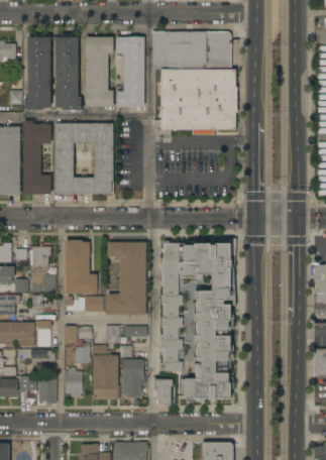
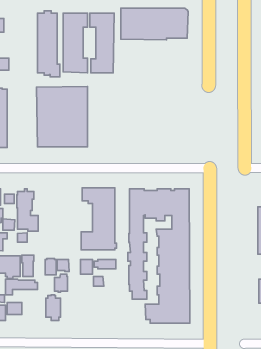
building: [24,34,50,112] -> none
building: [155,69,237,135] -> none
building: [23,120,50,195] -> none
building: [66,240,103,312] -> none
building: [93,345,118,399] -> none
building: [122,359,143,397] -> none
building: [38,379,57,402] -> none
building: [154,379,173,406] -> none

